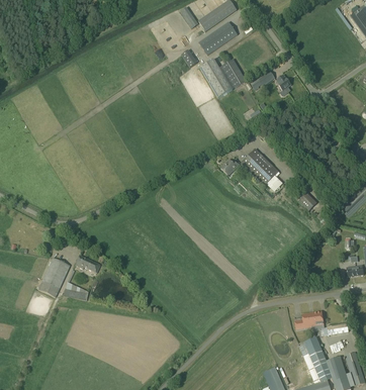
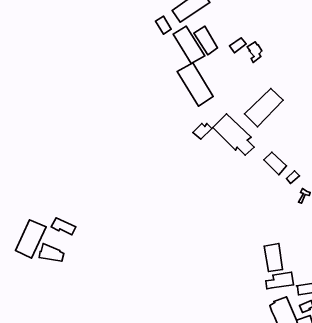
building: none -> [177,63,213,106]
building: none -> [244,89,283,127]
building: none -> [264,243,282,272]

